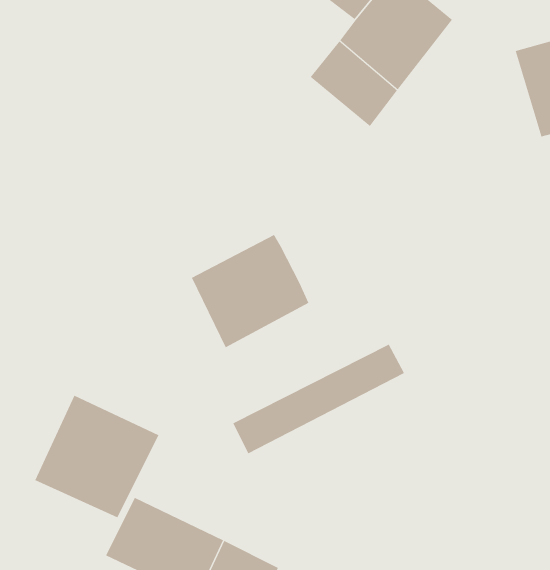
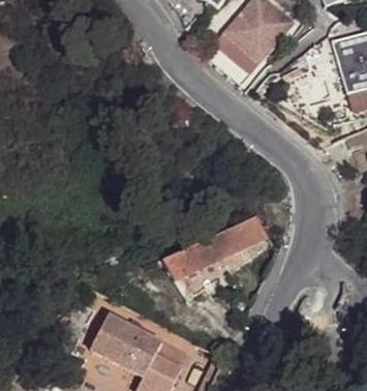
building: [191,234,309,348] -> none
building: [34,395,159,518] -> none

